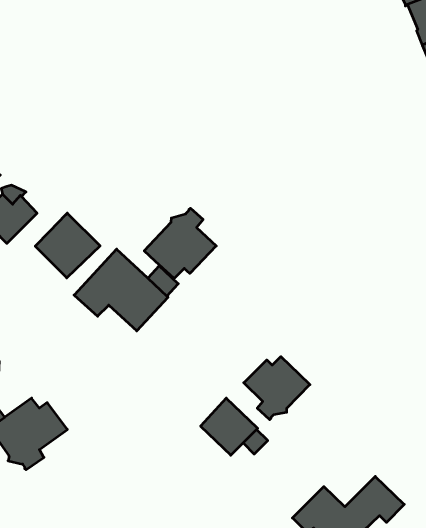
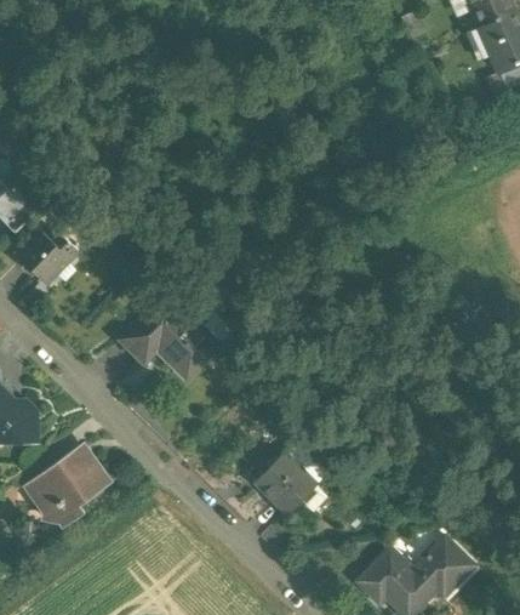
building: [144,208,216,279] -> none
building: [35,213,100,278] -> none
building: [244,357,310,420] -> none

